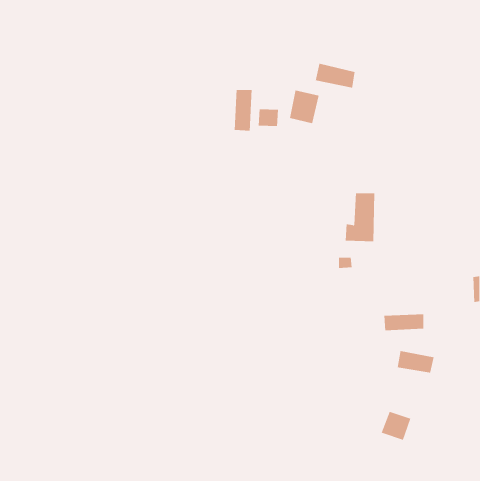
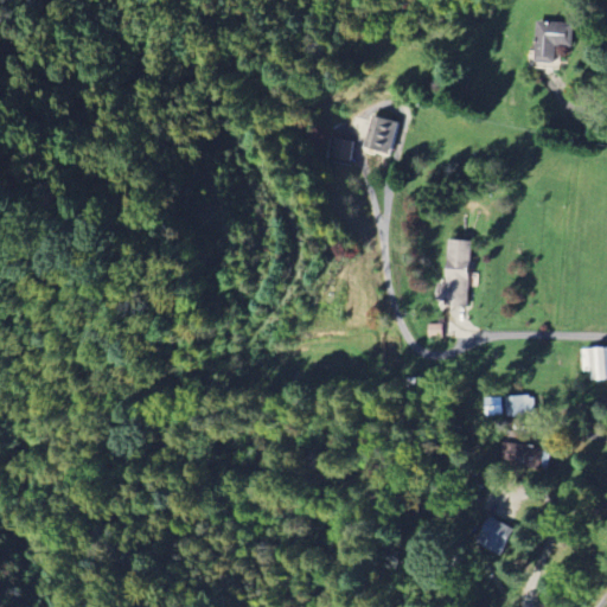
building: none -> [533,20,576,60]
building: [315,63,355,89] -> none
building: [234,89,252,131] -> none

